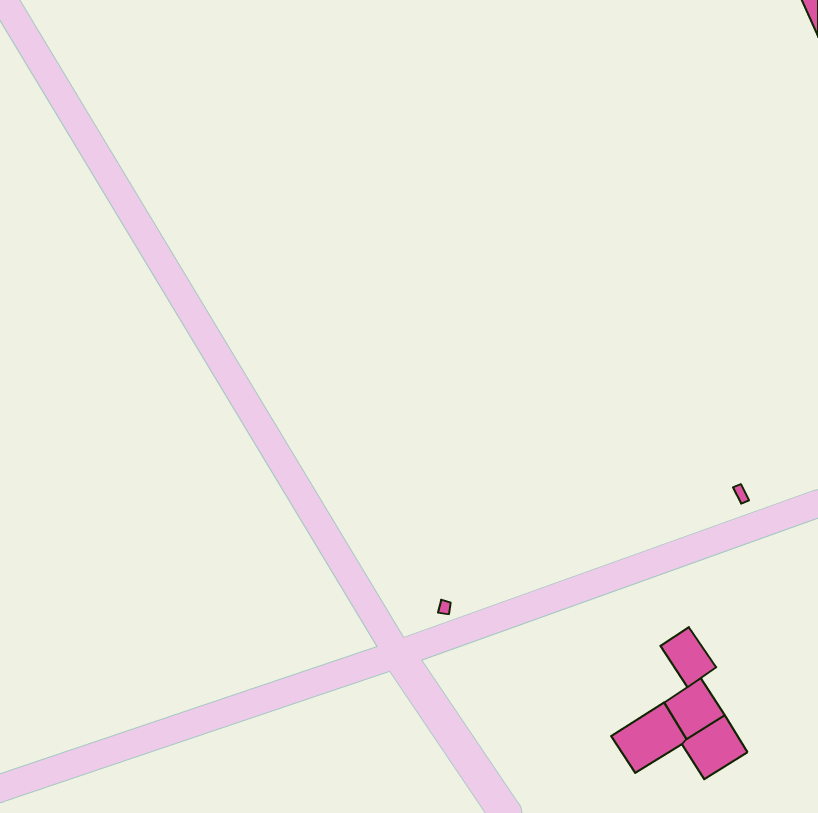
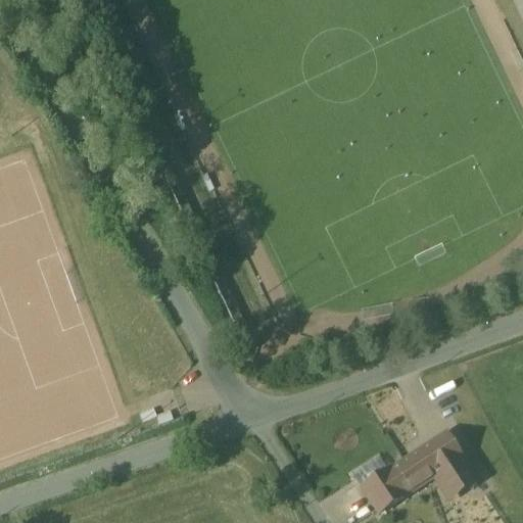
building: [660,627,716,687] -> none
building: none -> [362,469,405,511]

